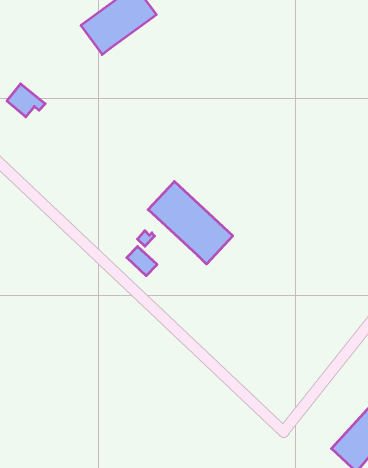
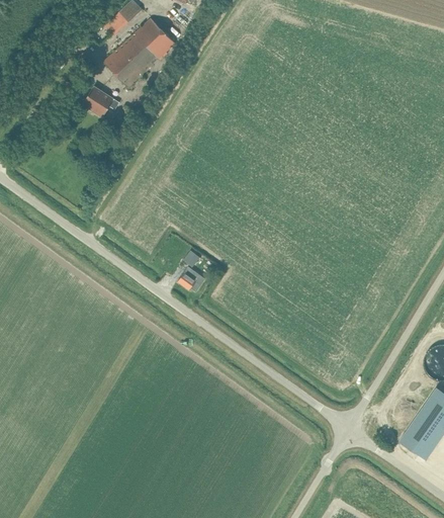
building: [7,84,45,117] -> [82,86,119,117]
building: [148,181,233,264] -> none

